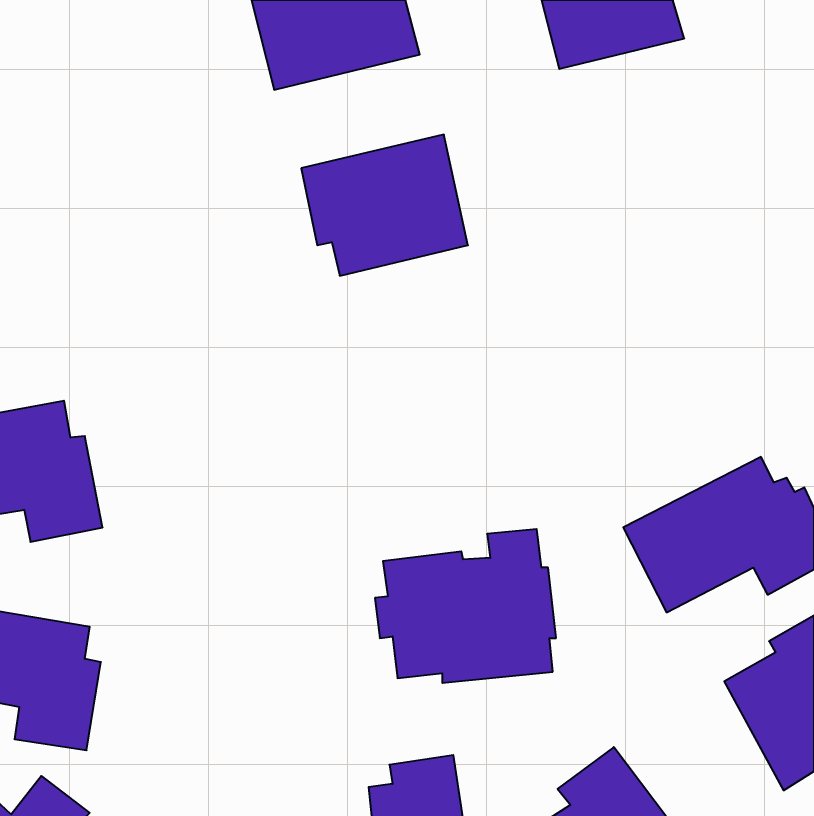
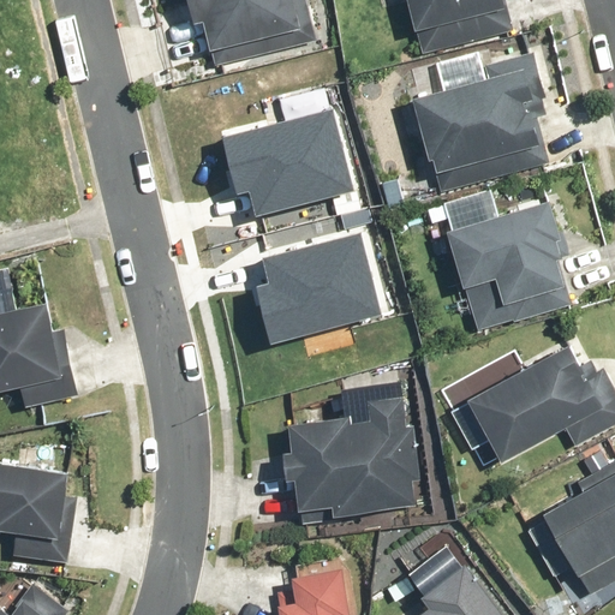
building: none -> [412,54,547,192]
building: none -> [446,199,571,333]
building: none -> [258,228,381,336]

